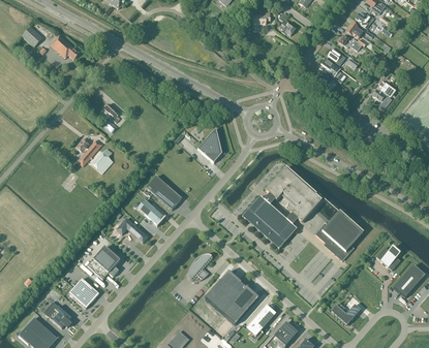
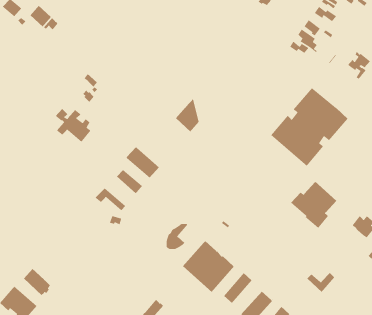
building: [242,167,321,248] -> [270,87,349,167]
building: [87,246,120,279] -> none
building: [68,278,99,308] -> none

